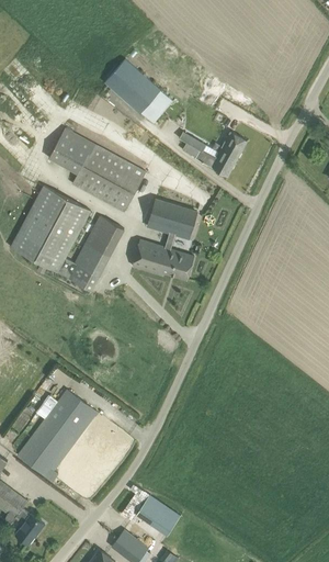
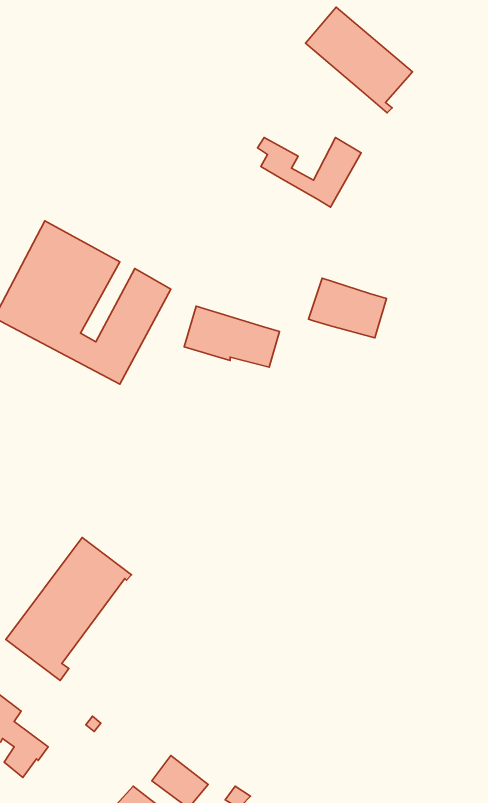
building: [103,58,172,126] -> [305,7,413,113]
building: [47,127,145,212] -> none
building: [147,200,197,238] -> [308,278,387,338]
building: [135,495,179,535] -> none

